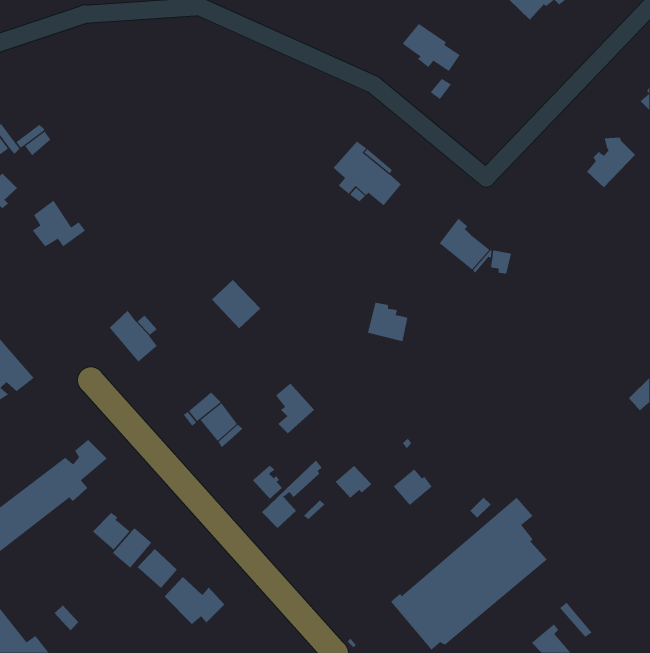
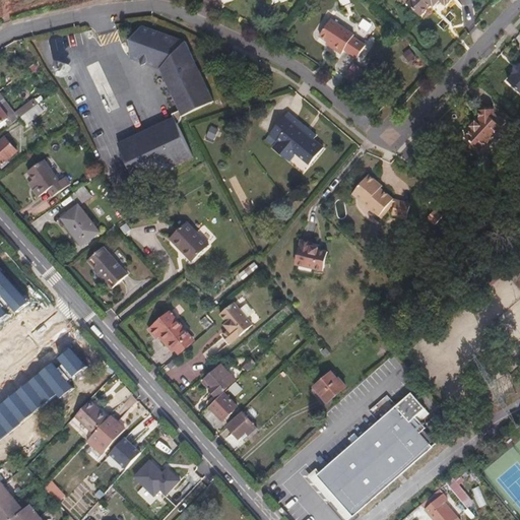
building: none -> [117,21,211,182]
building: none -> [59,185,99,246]
building: [335,465,372,498] -> [225,412,255,439]

